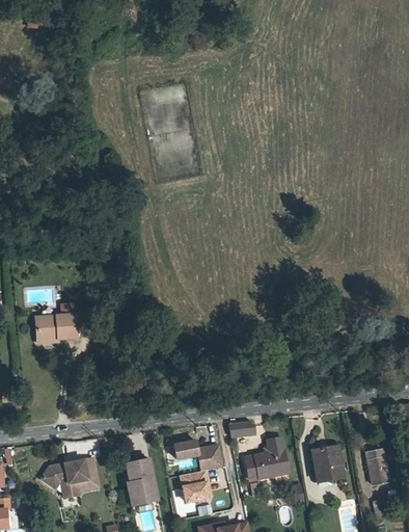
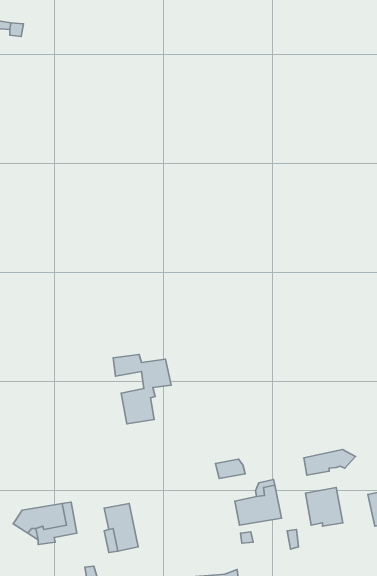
building: [38,308,80,345] -> none
building: none -> [304,449,355,475]
building: [171,441,224,504] -> [113,354,171,424]

